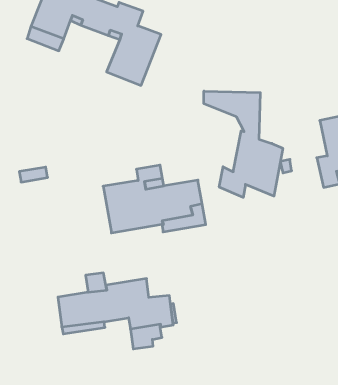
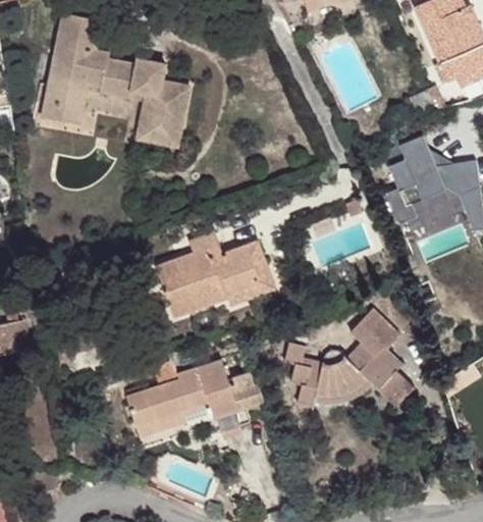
building: [204,91,283,197] -> none
building: none -> [283,308,414,408]

